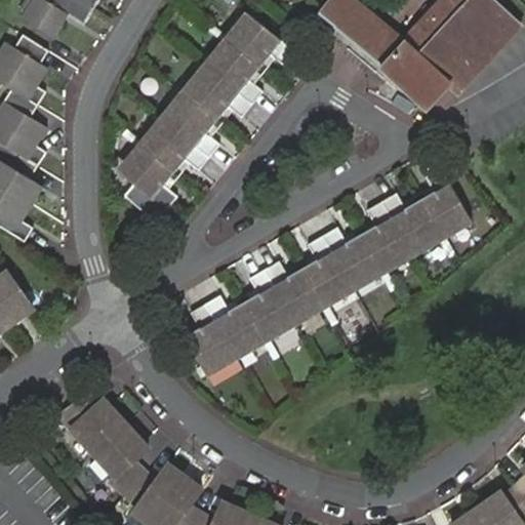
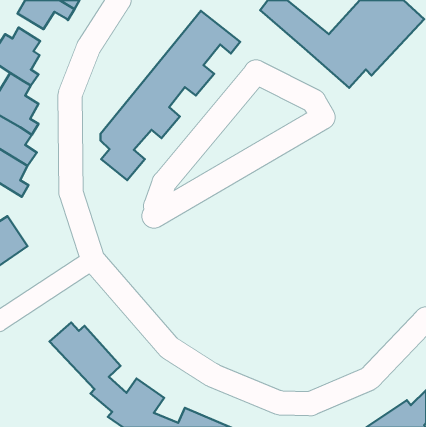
building: [184,168,469,374] -> none

